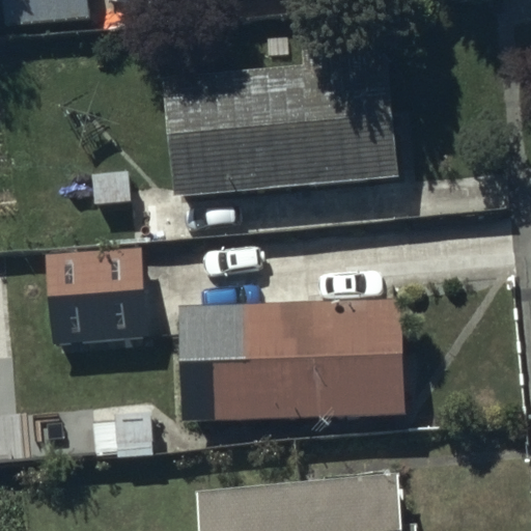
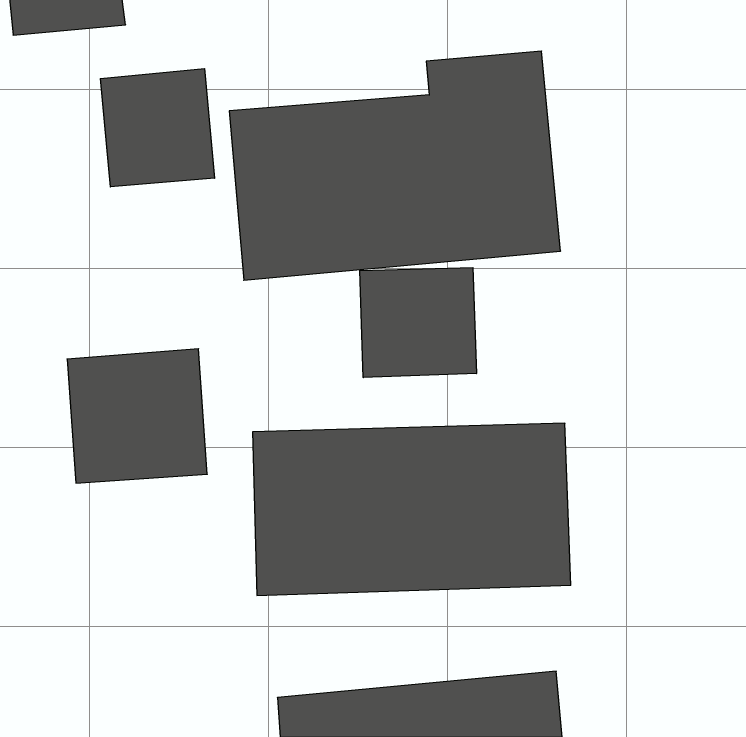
building: none -> [100,69,215,187]
building: none -> [360,268,476,378]

